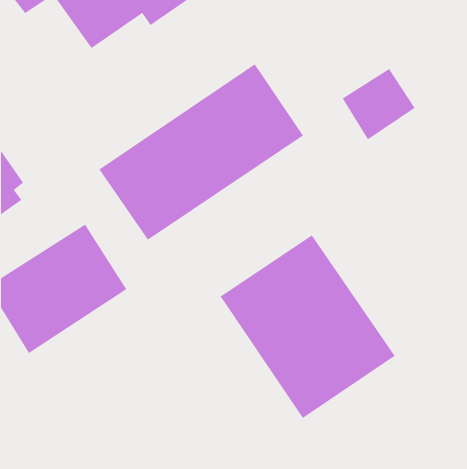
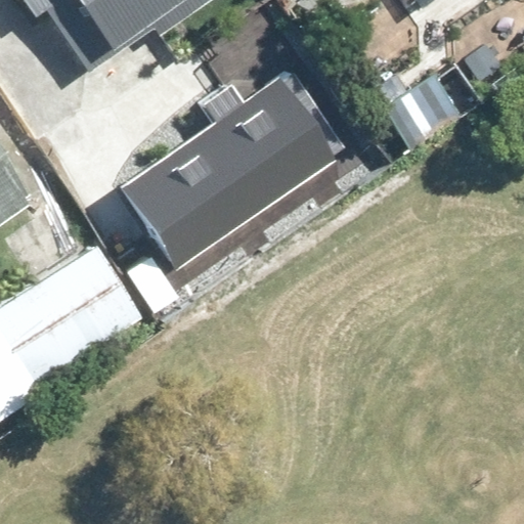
building: [220,235,395,419] -> none

